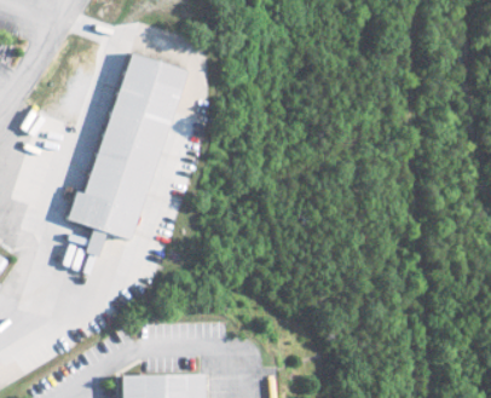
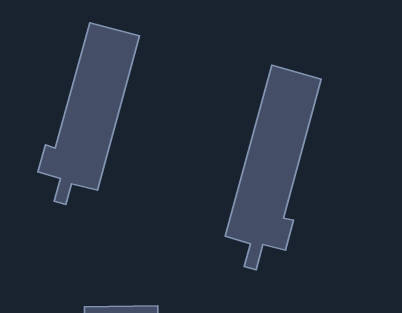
building: none -> [225,65,321,270]

